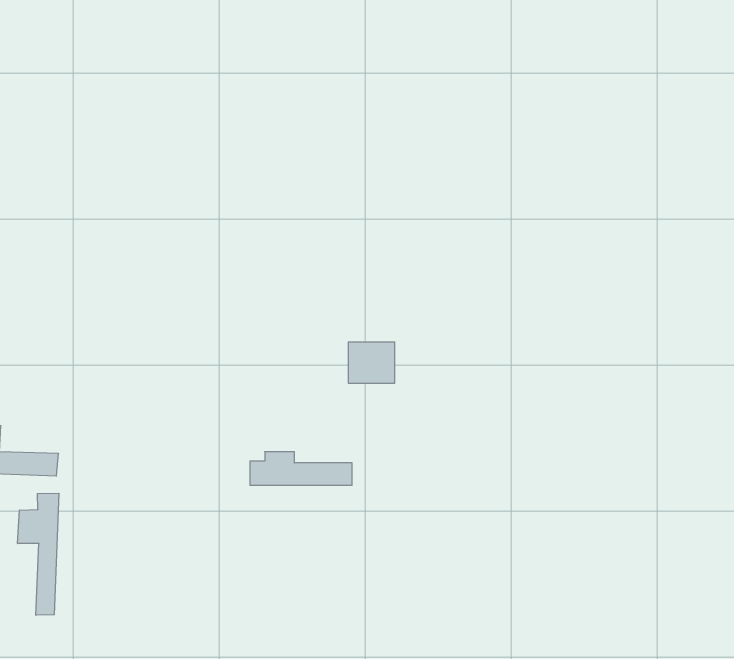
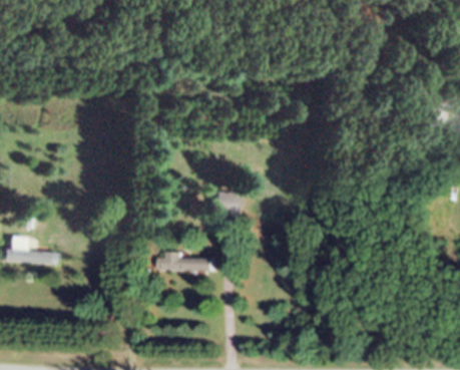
building: [18,493,59,615] -> none

